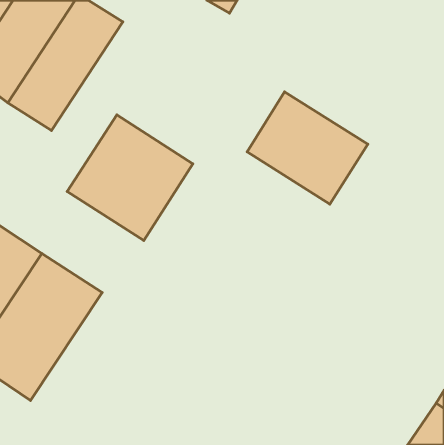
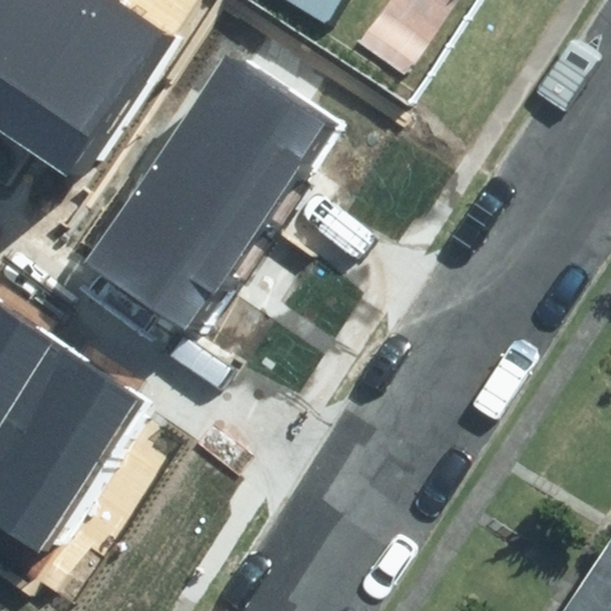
building: none -> [160,53,331,224]
building: [247,92,368,204] -> none

